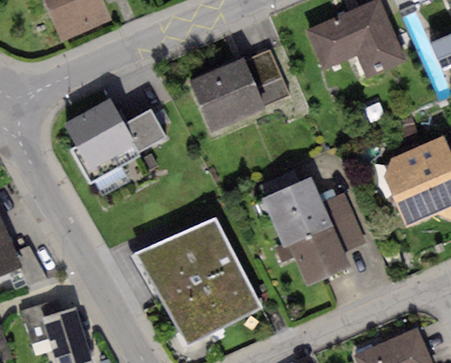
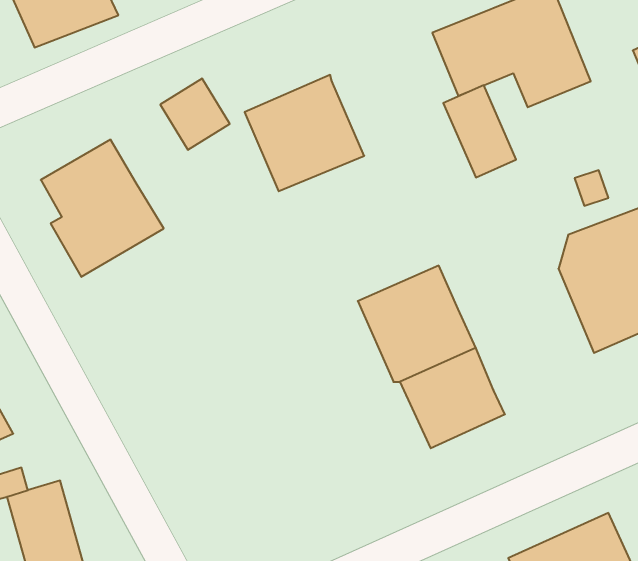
building: [245,49,290,106] -> [443,85,516,177]
building: [124,107,167,151] -> [160,79,230,150]
building: [323,191,367,251] -> none
building: [132,217,262,343] -> none

